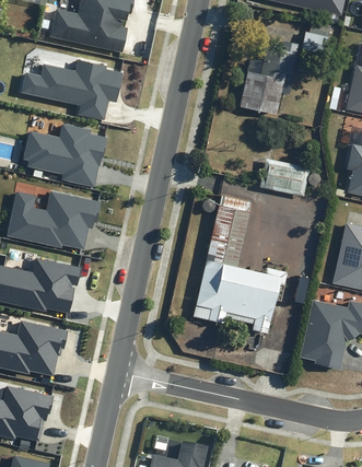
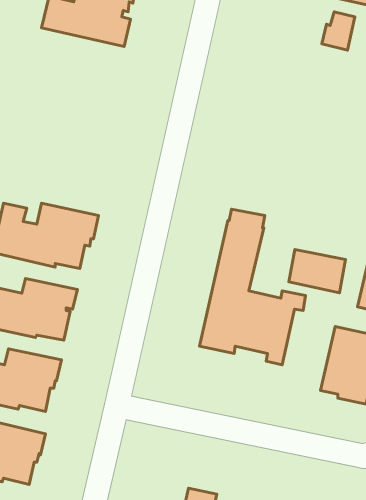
building: [237,42,295,115] -> none
building: [23,59,124,119] -> none
building: [24,122,108,186] -> none
building: [258,159,308,197] -> [289,250,346,293]

